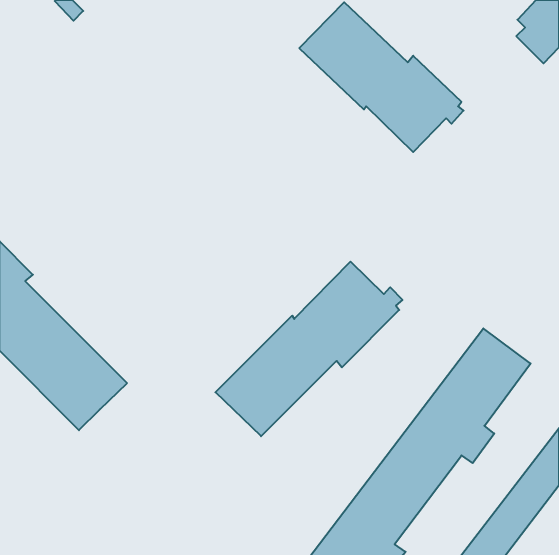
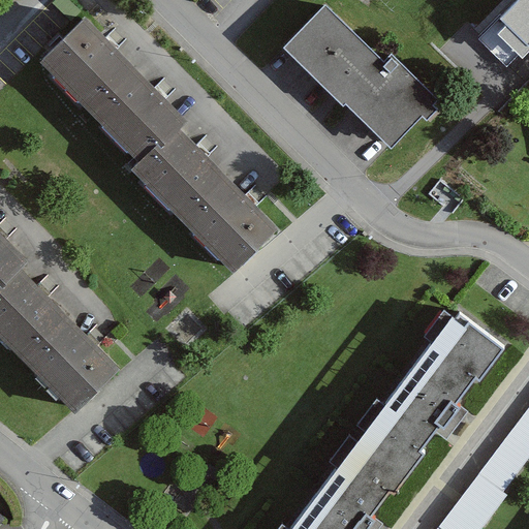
building: none -> [40,21,277,272]
building: [215,262,402,436] -> none

